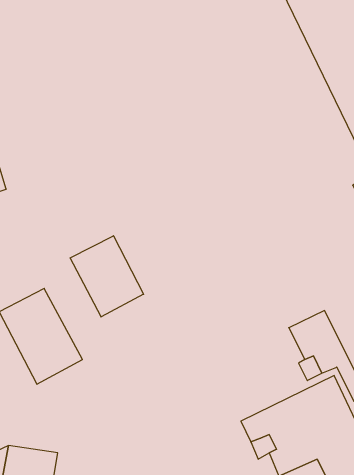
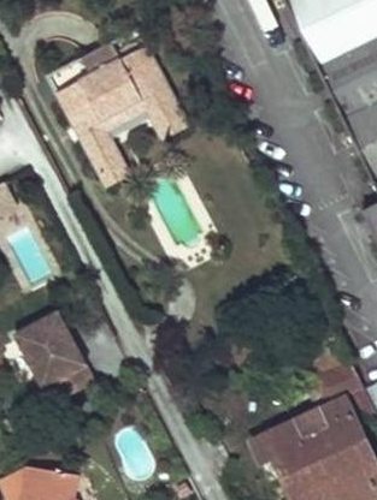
building: none -> [57,44,190,174]
building: [70,236,144,317] -> none

